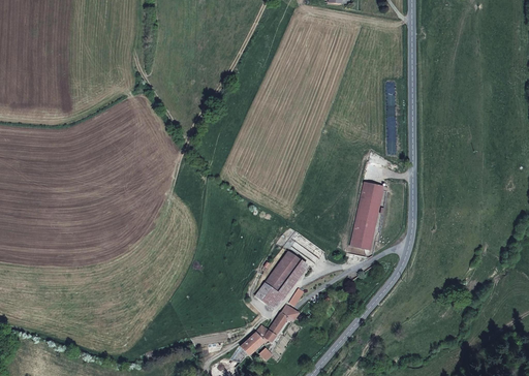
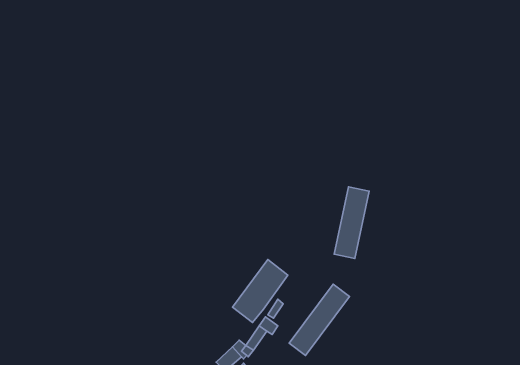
building: none -> [289,284,349,355]

